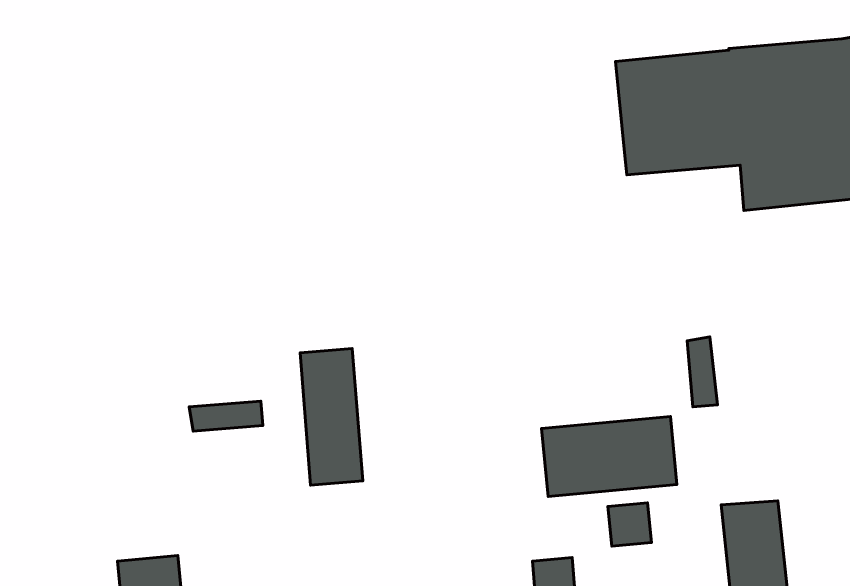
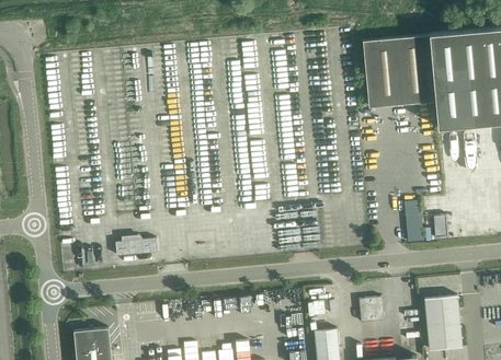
building: [300,349,363,485] -> none
building: [542,416,677,497] -> none

